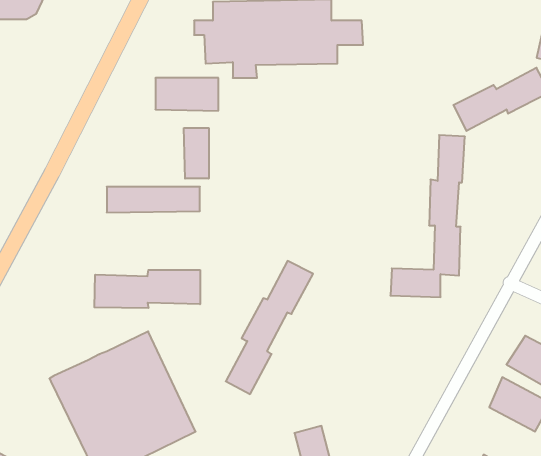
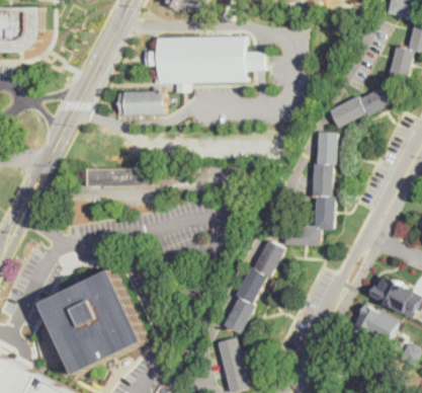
building: [184,128,209,179] -> none
building: [226,261,313,394] -> [223,240,284,334]
building: [94,270,200,308] -> none

